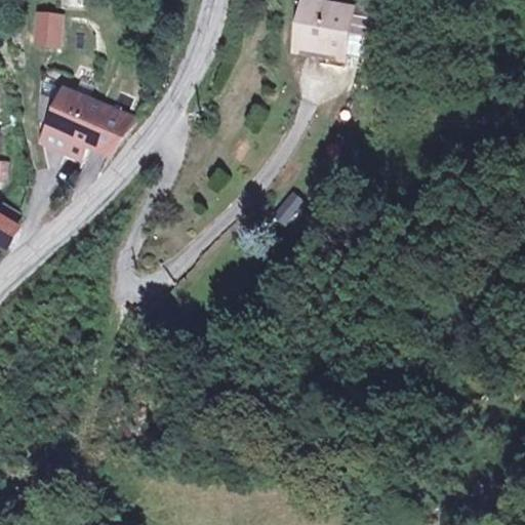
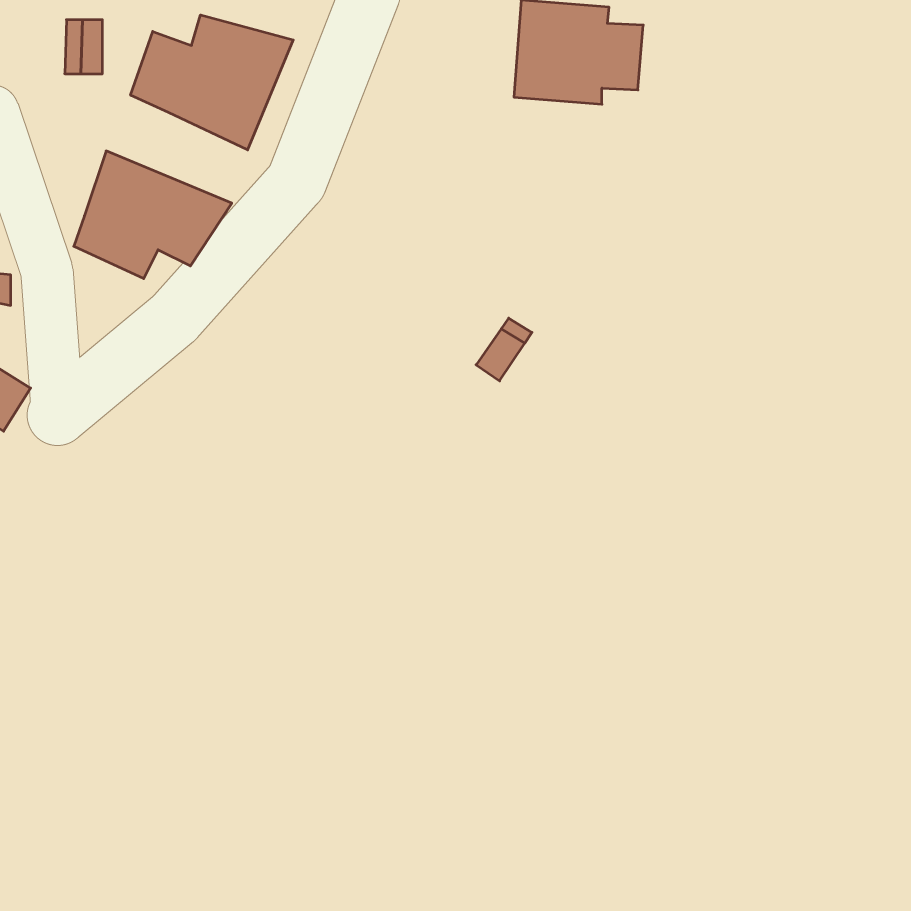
building: none -> [131,15,293,150]

